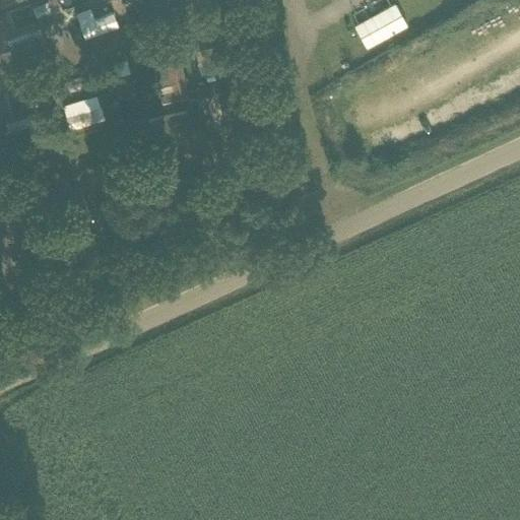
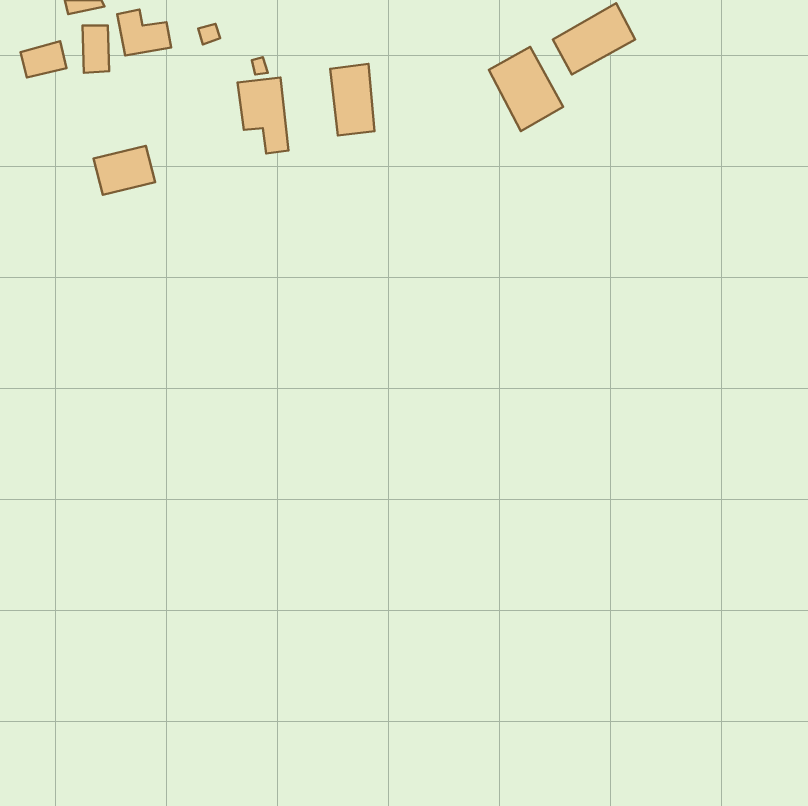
building: none -> [489,47,563,131]
building: none -> [330,64,375,135]

